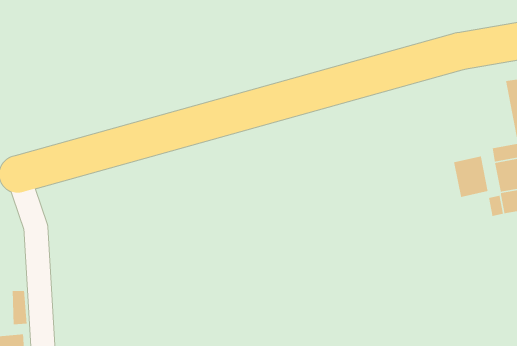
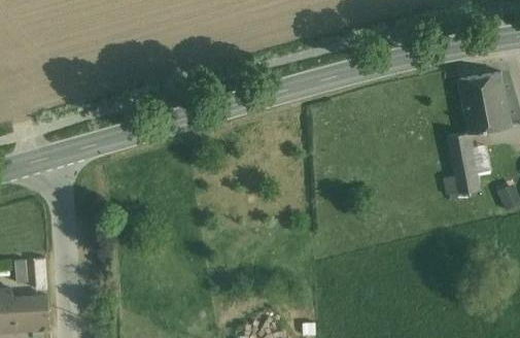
building: [453,155,489,198] -> none

